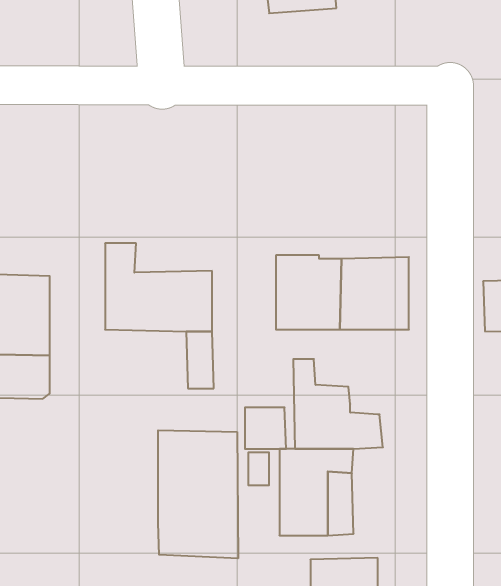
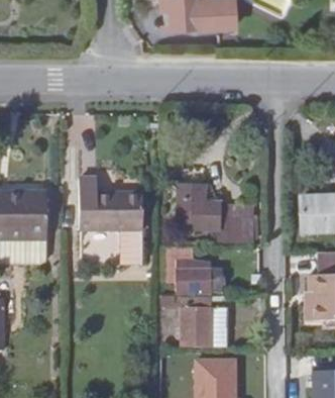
building: [158,430,238,558] -> none

